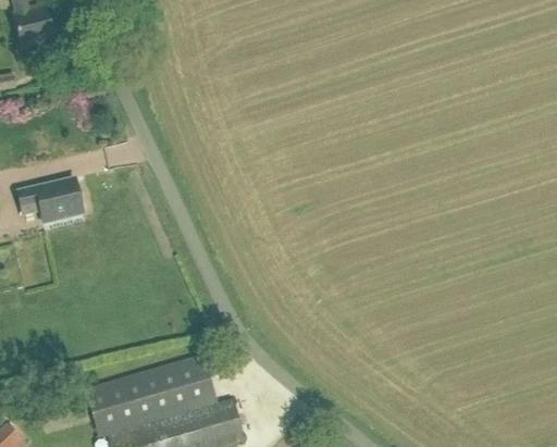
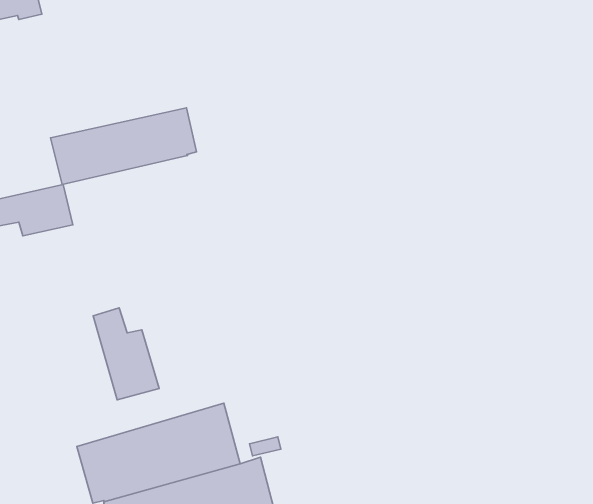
building: none -> [51,108,197,185]
building: none -> [93,308,159,400]

